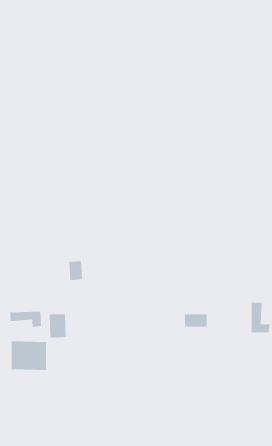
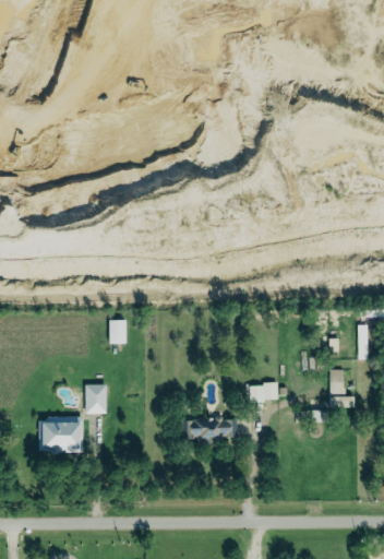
building: [10,311,41,328] -> none
building: none -> [184,418,231,441]

